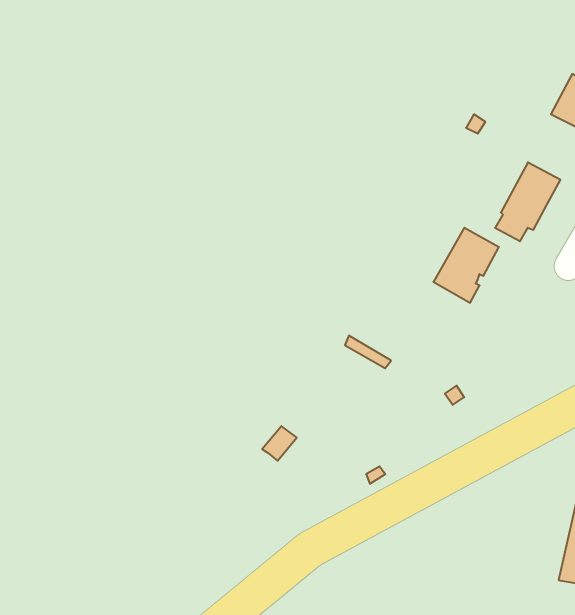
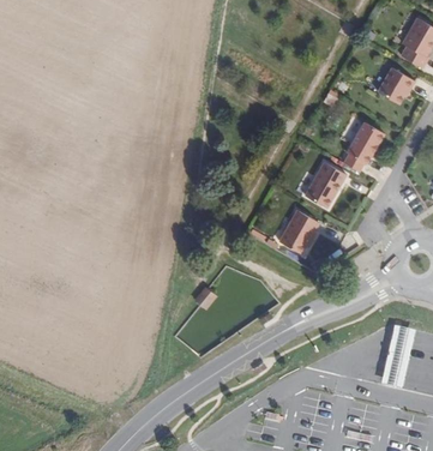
building: none -> [279,212,319,257]

